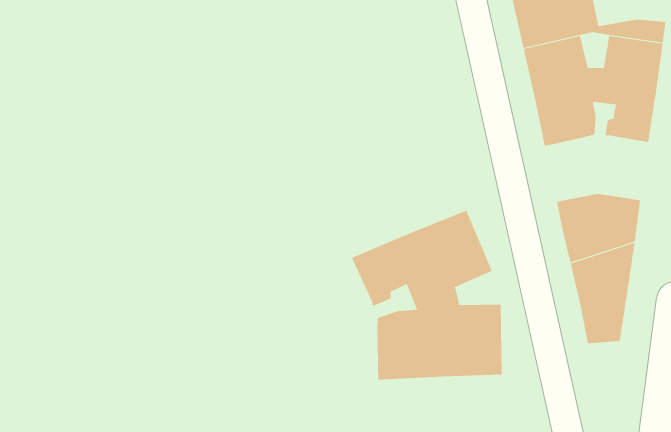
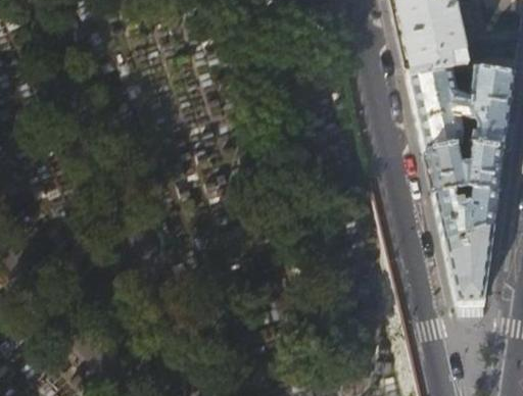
building: none -> [425,137,505,187]
building: [351,210,502,380] -> none

